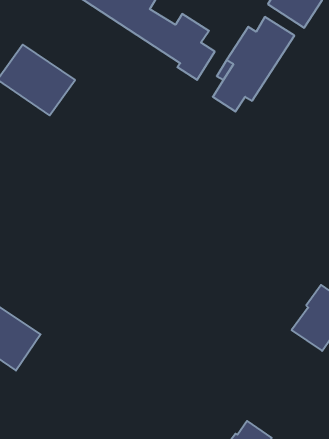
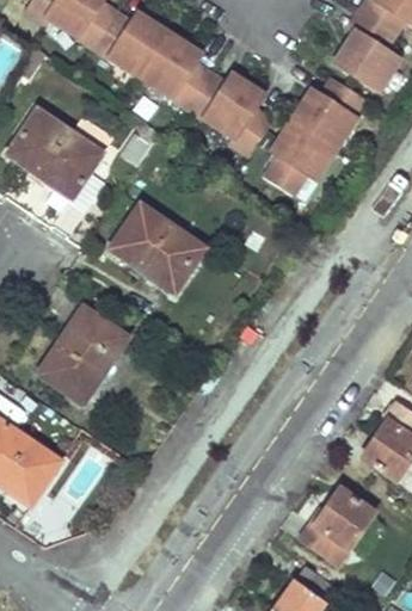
building: none -> [110,205,203,291]
building: none -> [37,307,125,402]
building: none -> [302,488,375,563]

